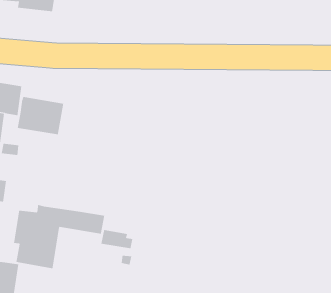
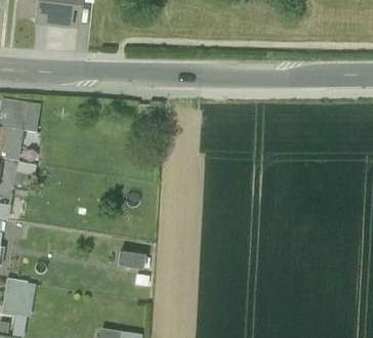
building: [17,96,64,135] -> none
building: [13,204,105,269] -> none

